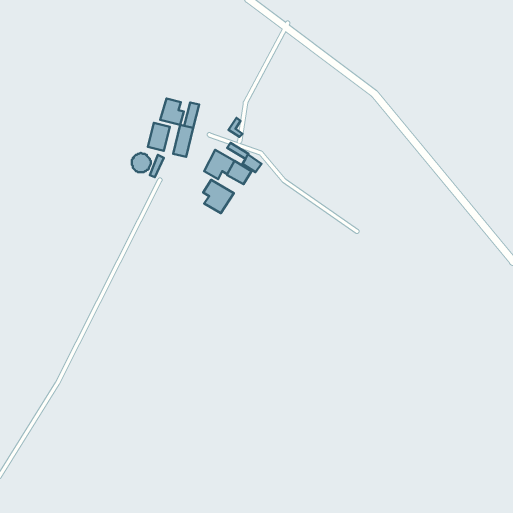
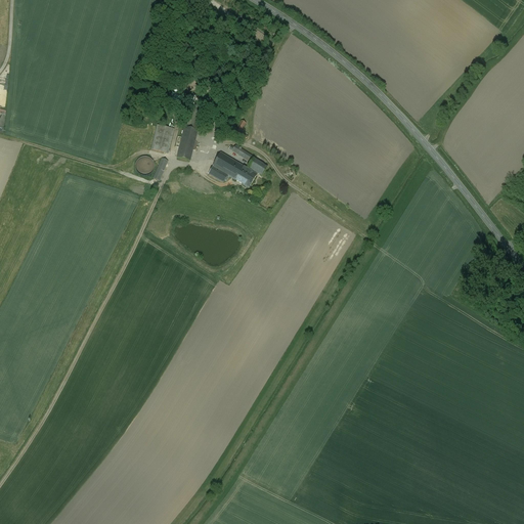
building: [160,99,184,125] -> none
building: [203,180,234,213] -> none

